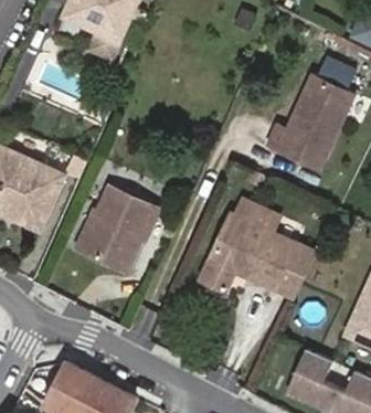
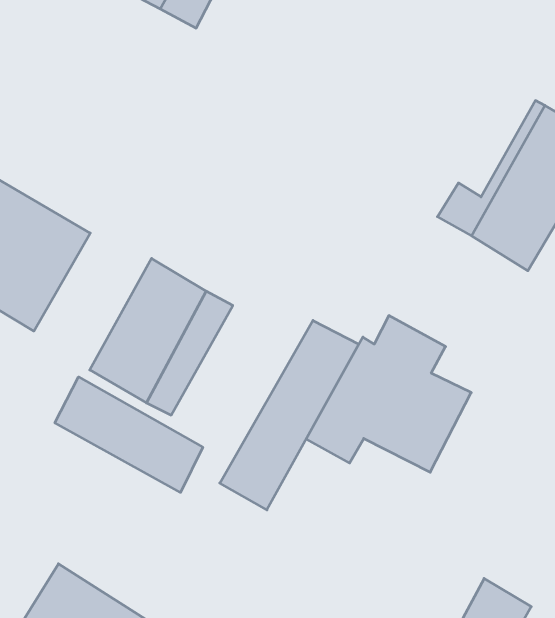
building: none -> [220,320,359,510]
building: [269,245,319,303] -> none
building: none -> [55,377,203,492]

